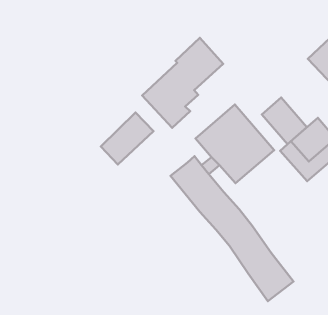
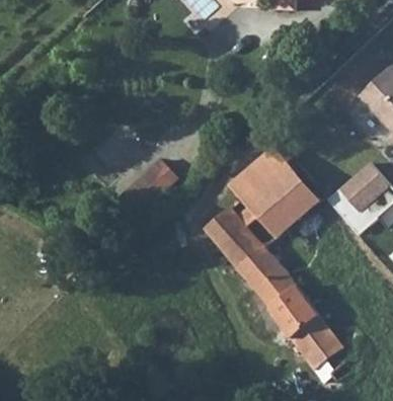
building: [142,38,223,128] -> none
building: [262,98,307,144] -> none

